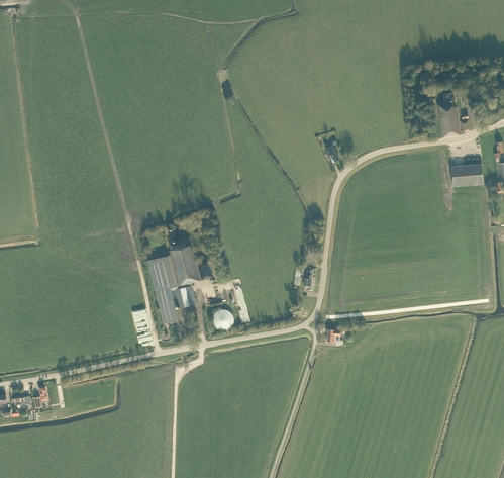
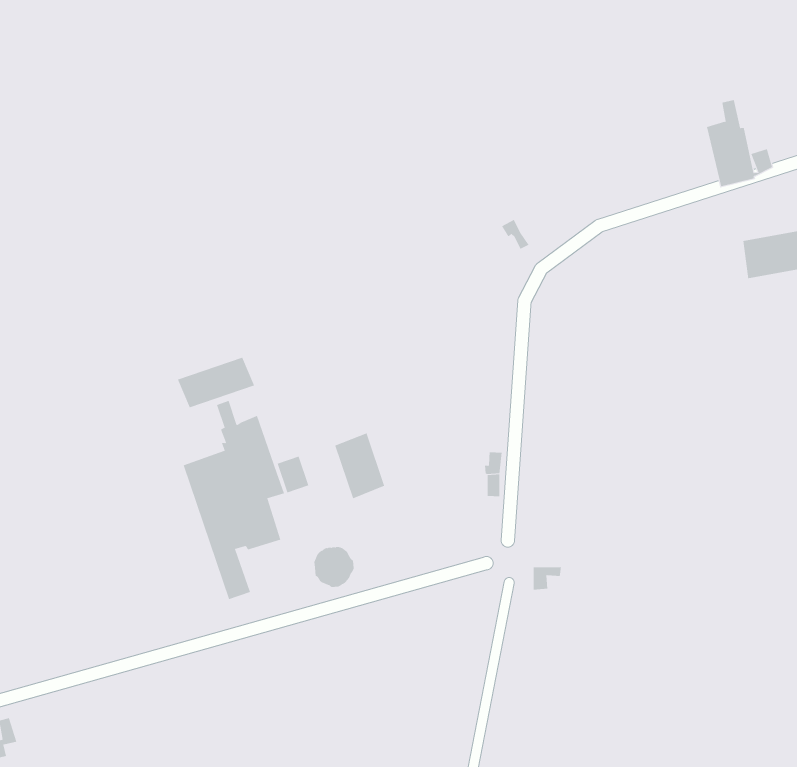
building: none -> [177,357,255,408]
building: none -> [335,432,385,499]

